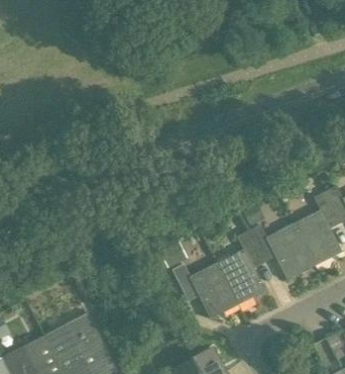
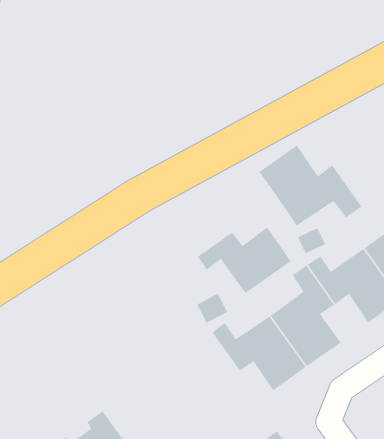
building: none -> [259,145,362,226]
building: none -> [197,226,292,294]

